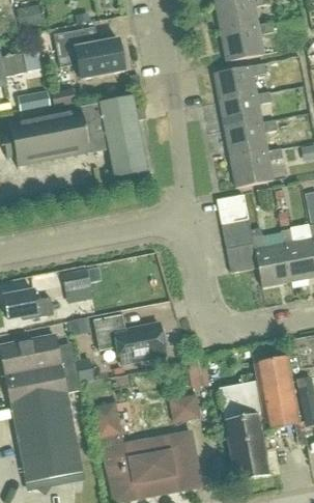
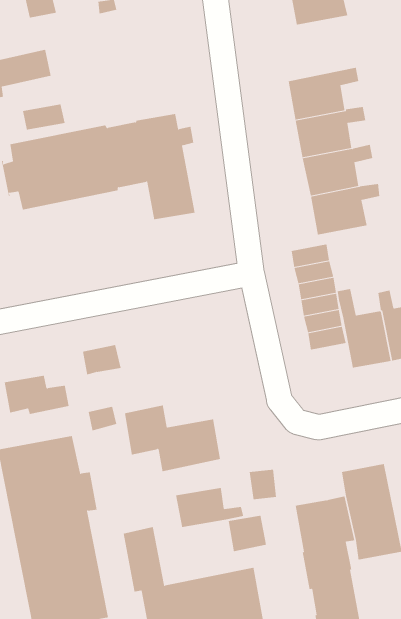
building: [221,21,275,60] -> none
building: [54,28,124,79] -> none
building: none -> [176,487,244,528]

